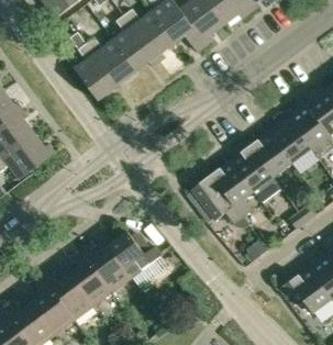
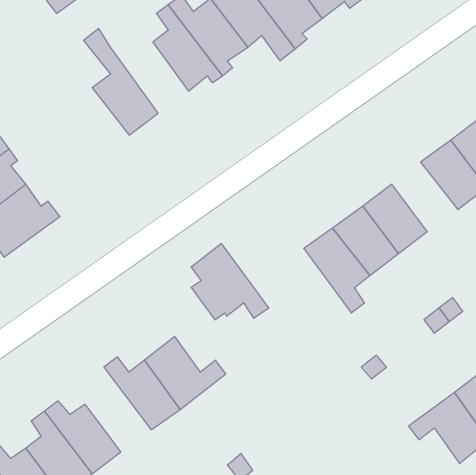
building: [87,37,137,86] -> none
building: [269,118,312,163] -> none
building: [192,174,243,223] -> [191,244,269,320]
building: [70,251,113,305] -> none

